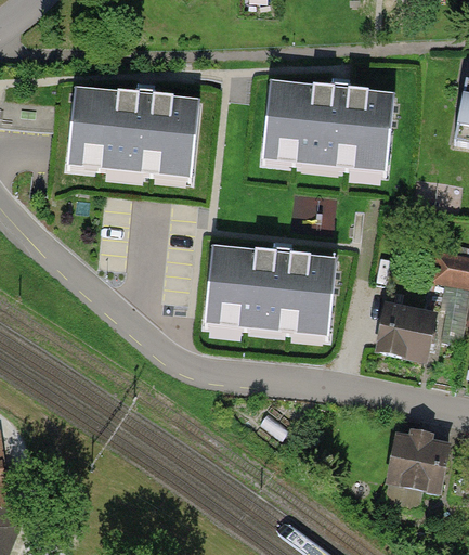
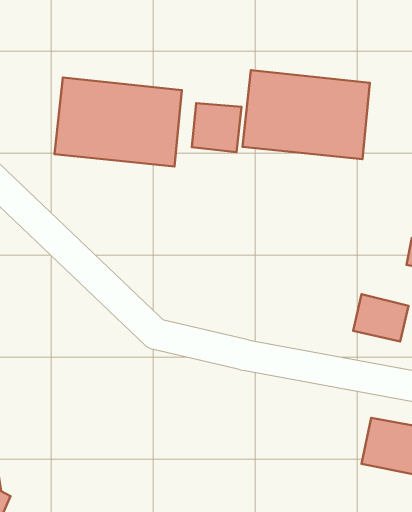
building: none -> [192,103,241,152]
building: [204,243,336,335] -> none

